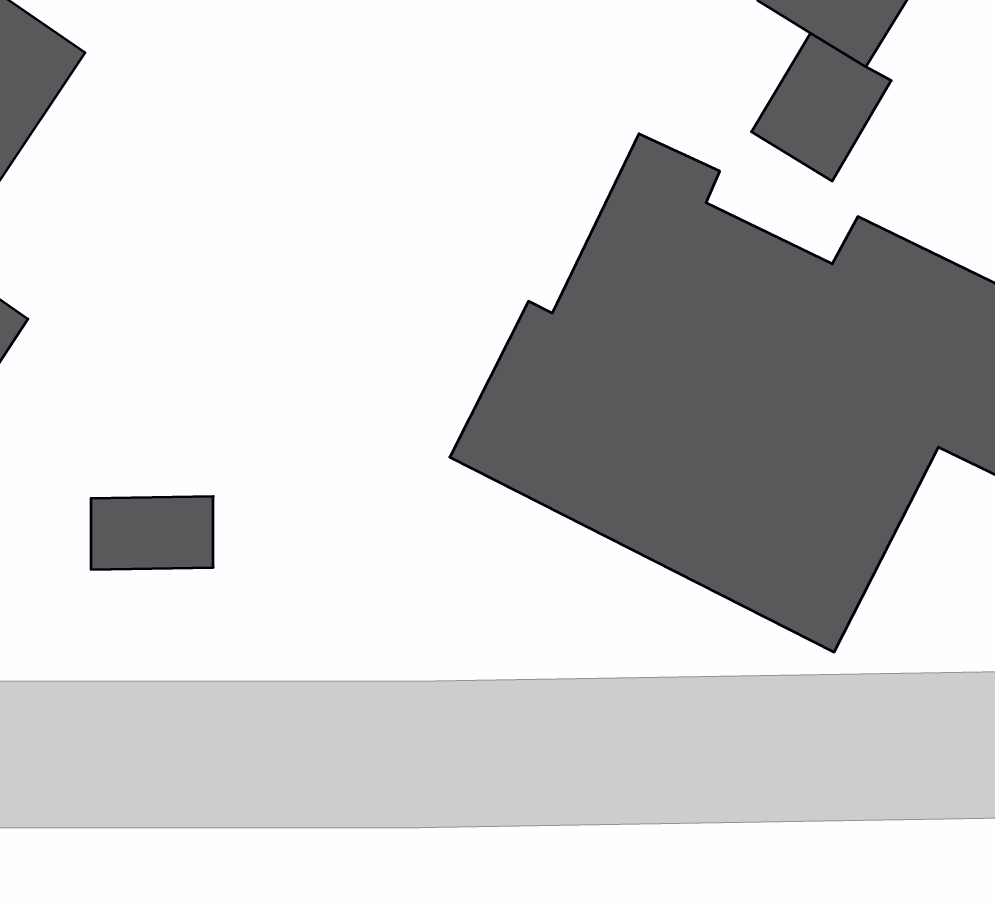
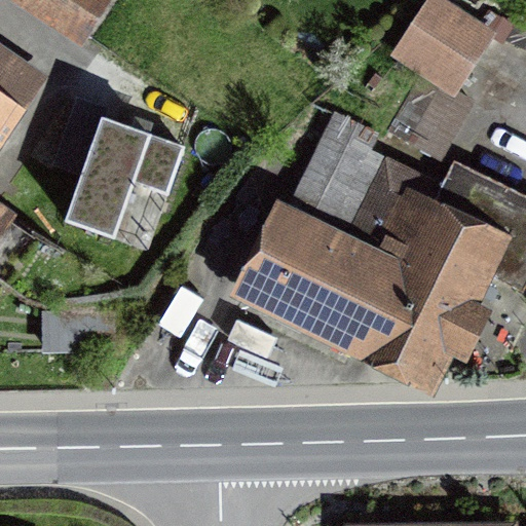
building: none -> [60,112,188,238]

